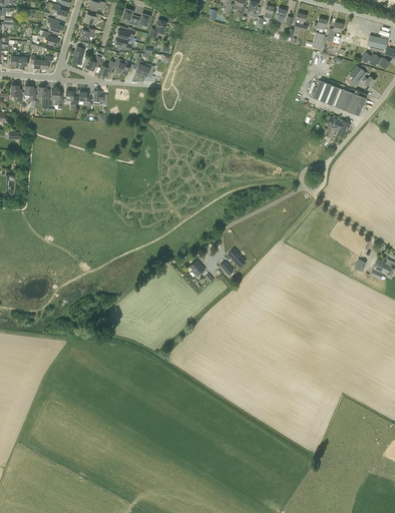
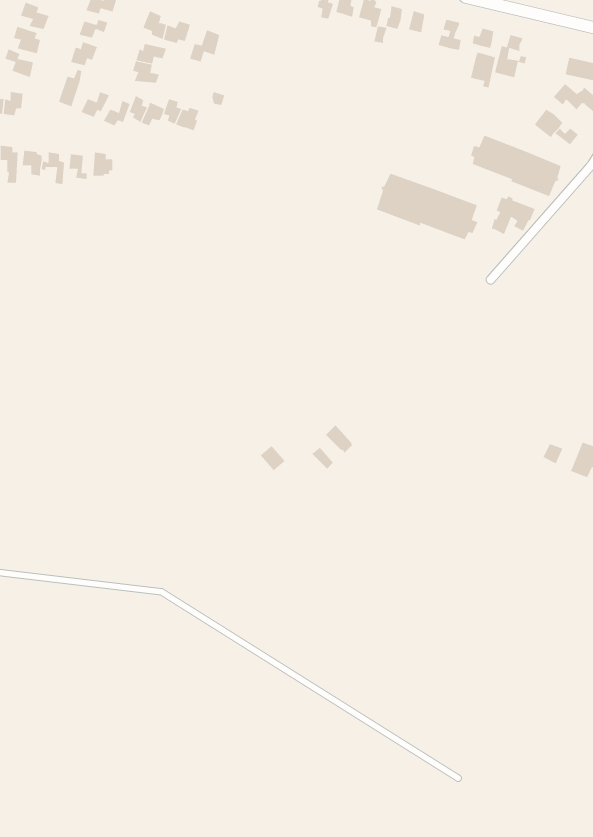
building: none -> [376,173,478,240]

